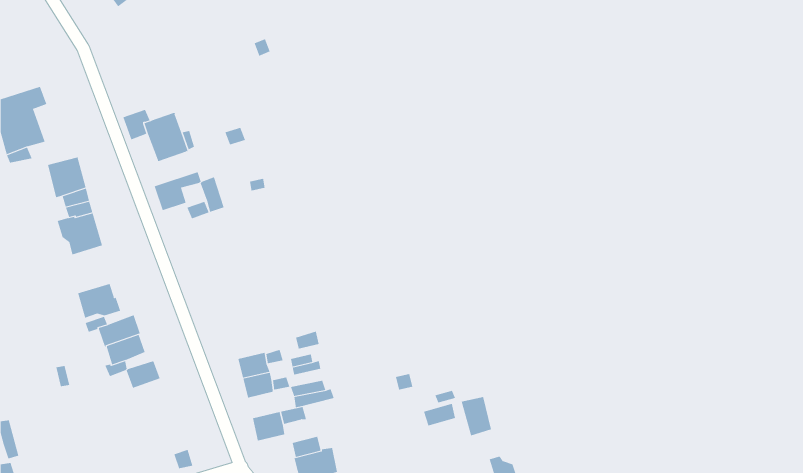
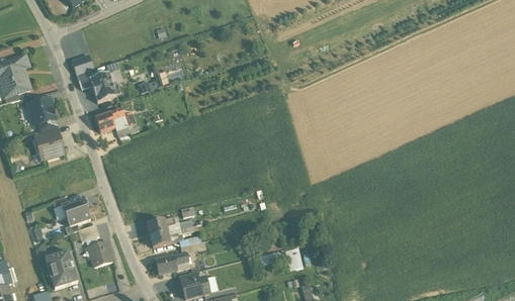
building: [77,283,121,319] -> none
building: none -> [88,239,113,266]
building: none -> [45,249,78,288]

